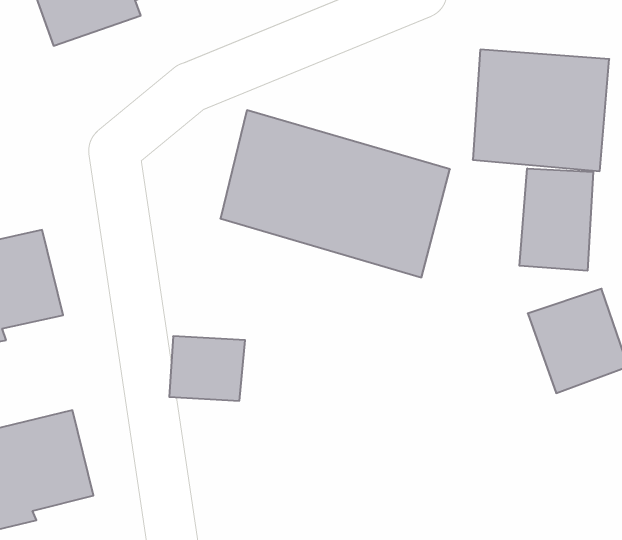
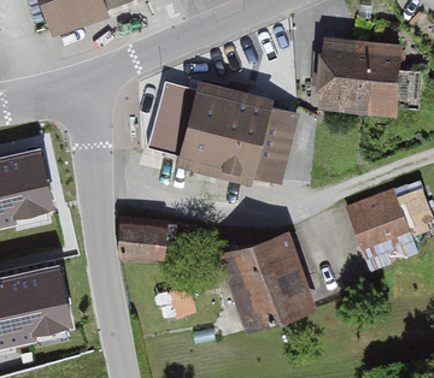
building: [519,168,593,271] -> none
building: none -> [221,231,313,335]

